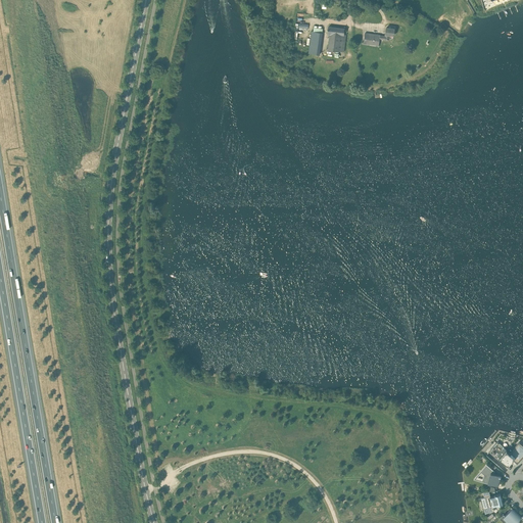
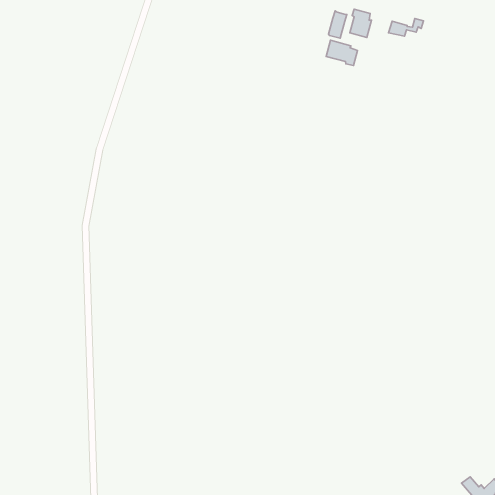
building: none -> [326,40,357,66]

